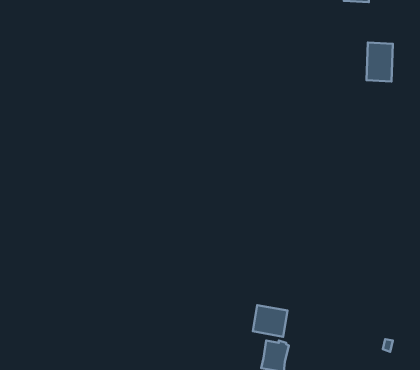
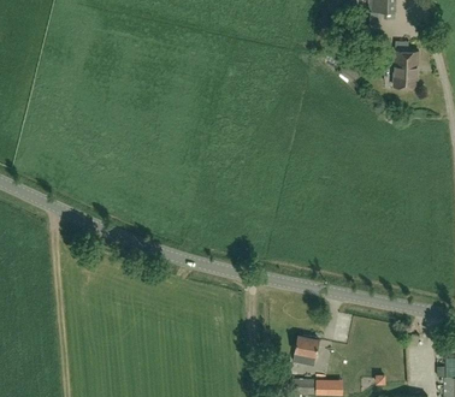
building: [253,305,288,337] -> none

